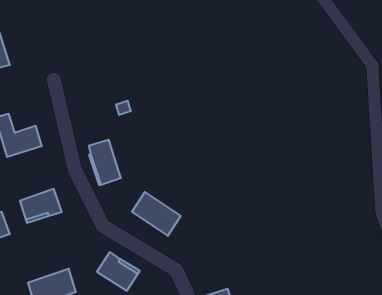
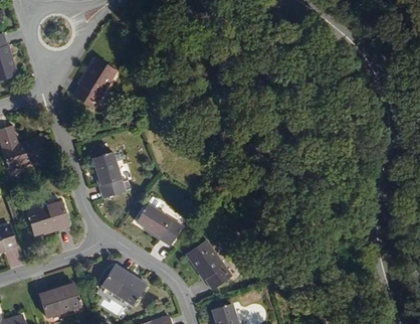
building: none -> [78,55,121,106]
building: none -> [186,238,230,288]

